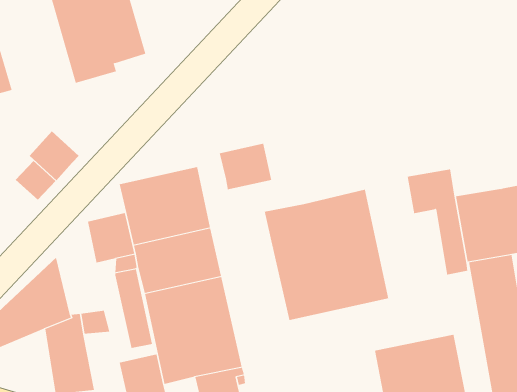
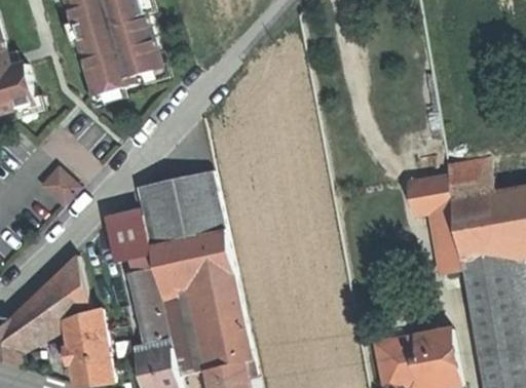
building: [29,131,80,181] -> none
building: [219,143,272,190] -> none
building: none -> [444,156,493,199]
building: [264,189,389,321] -> none

